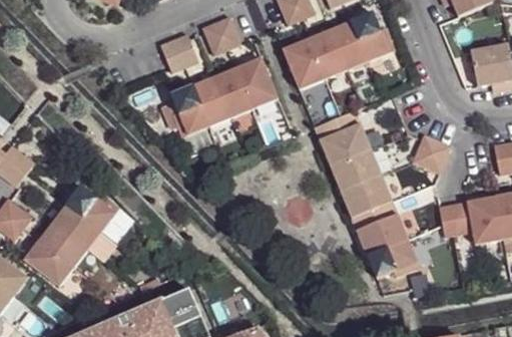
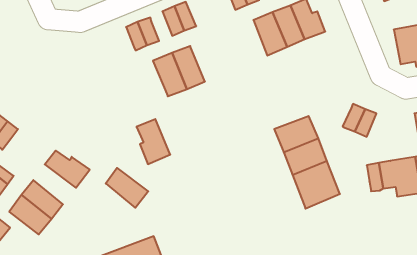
building: [283,37,324,88] -> none
building: [234,56,278,108] -> none
building: [169,84,208,136] -> [136,119,170,164]
building: [318,109,372,163] -> none
building: [53,205,102,251] -> [106,168,148,208]
building: [368,239,418,278] -> none

